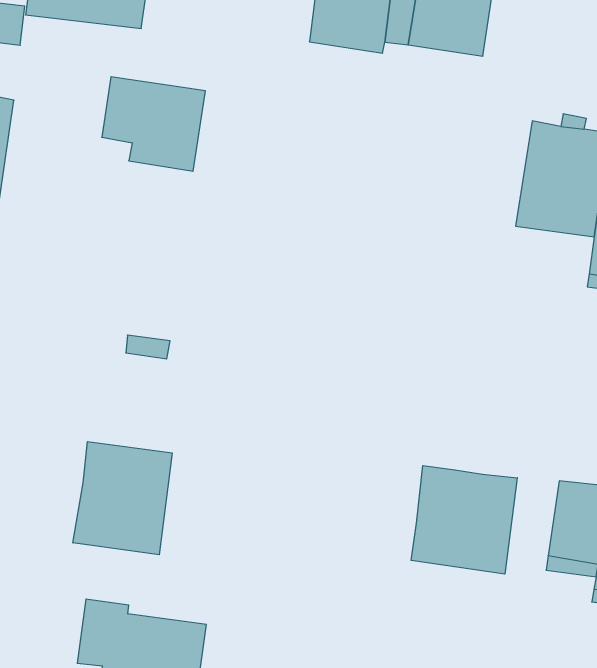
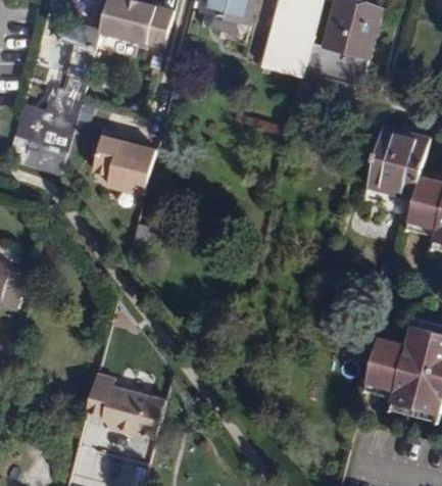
building: [102,77,205,171] -> [90,136,153,196]
building: [73,442,172,555] -> none
building: [411,466,517,574] -> none

